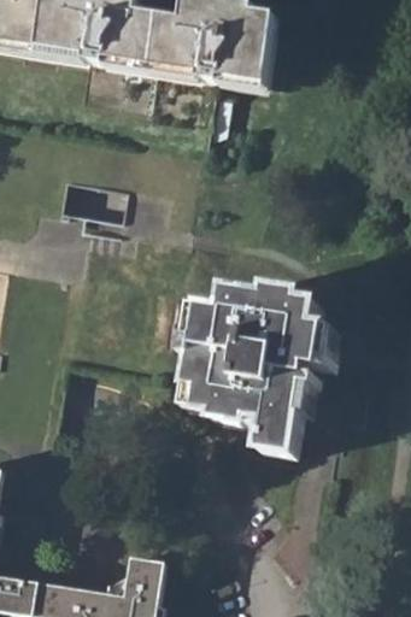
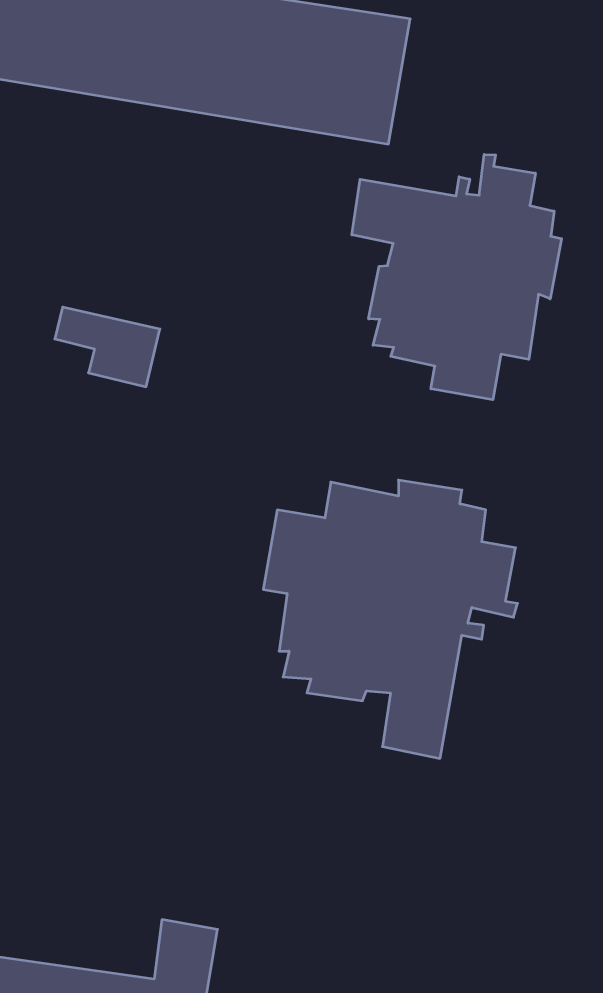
building: none -> [352,154,562,400]

